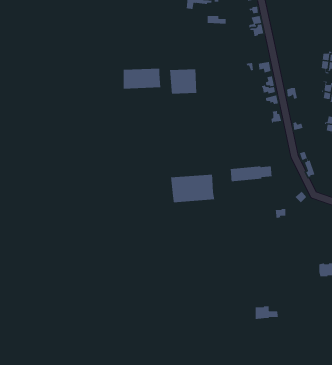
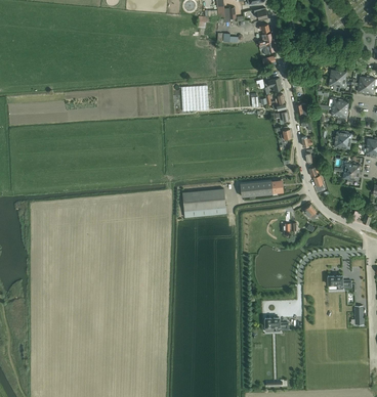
building: [123,68,161,89] -> none

